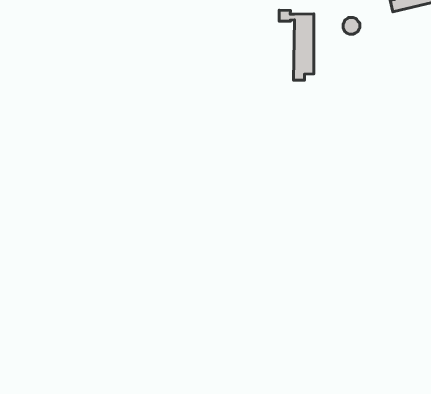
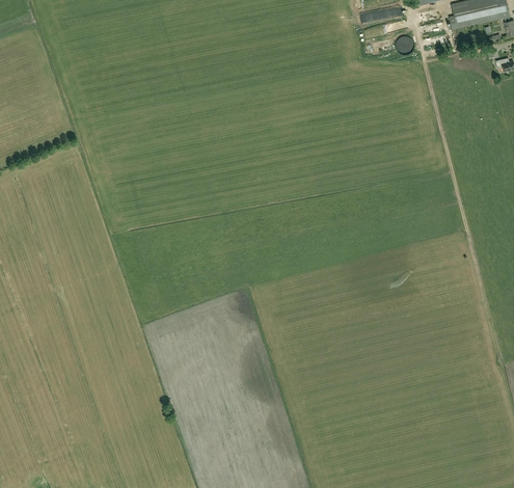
building: [279,10,314,80] -> none

